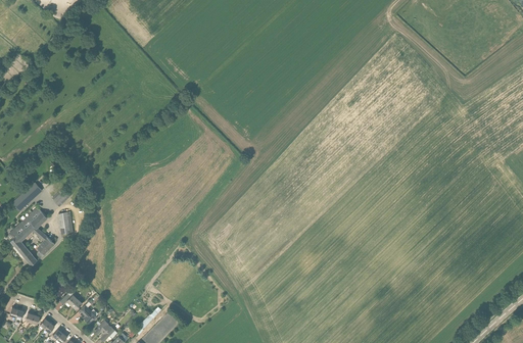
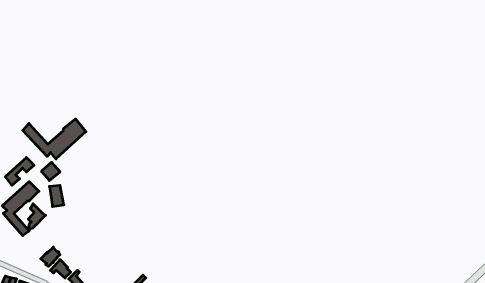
building: none -> [23,119,86,159]

